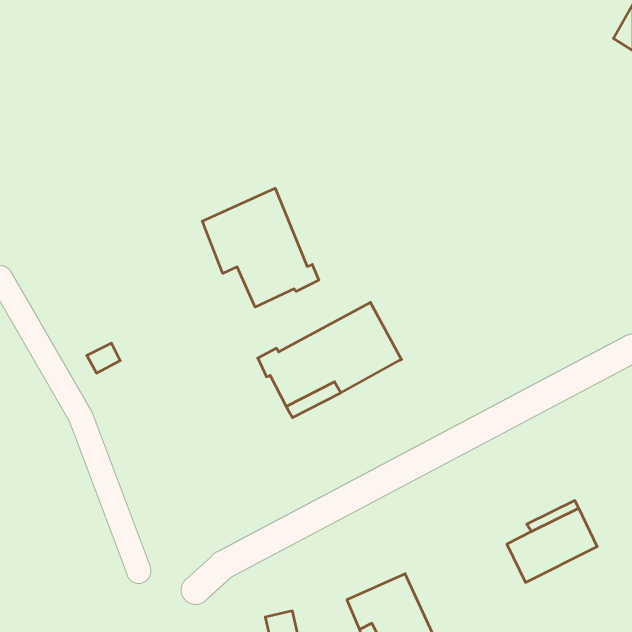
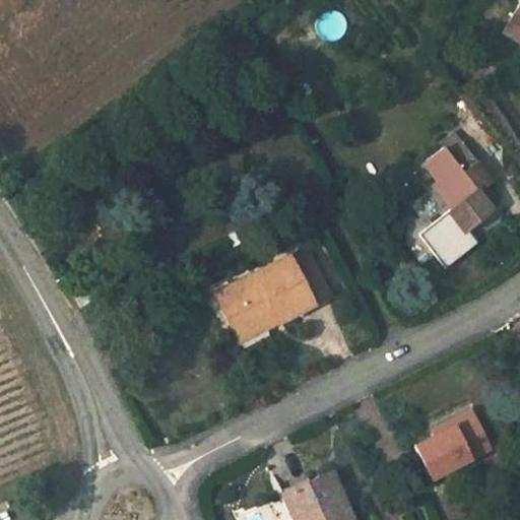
building: none -> [416,131,496,268]
building: [202,188,319,307] -> none

